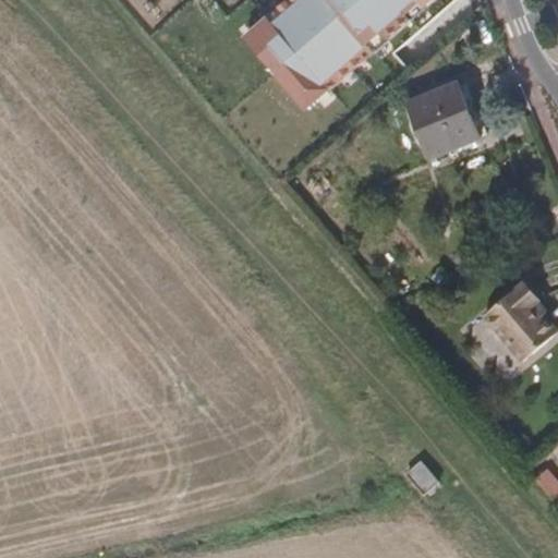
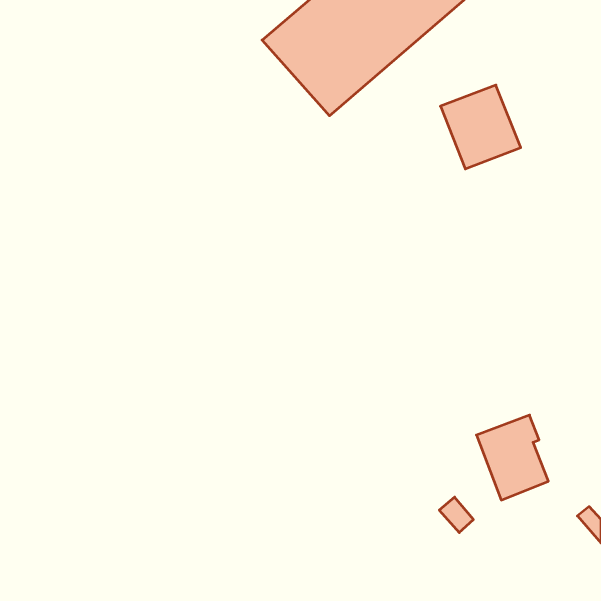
building: [482,277,548,355] -> [476,415,548,500]

